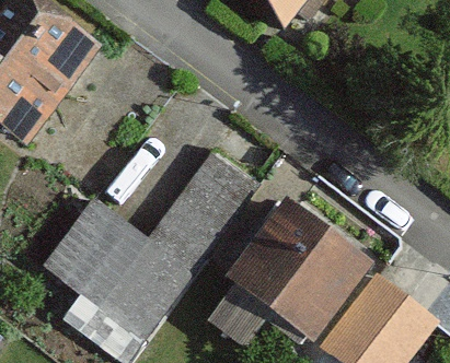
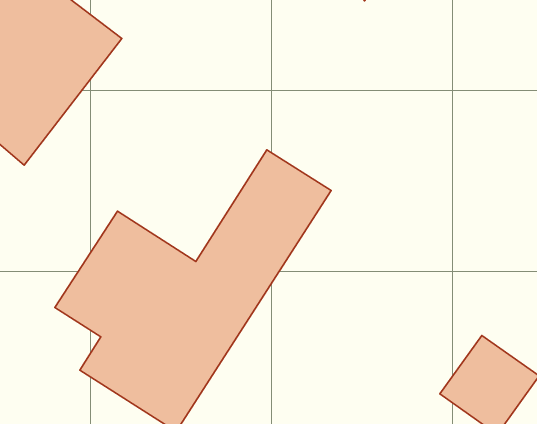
building: [228,202,368,340] -> none

